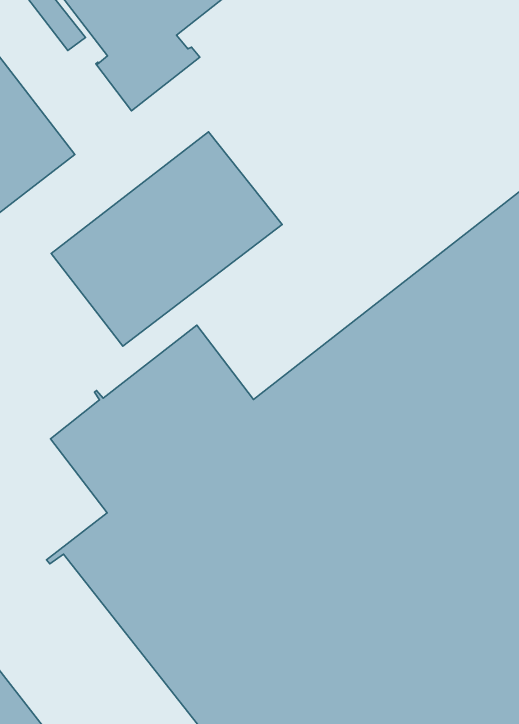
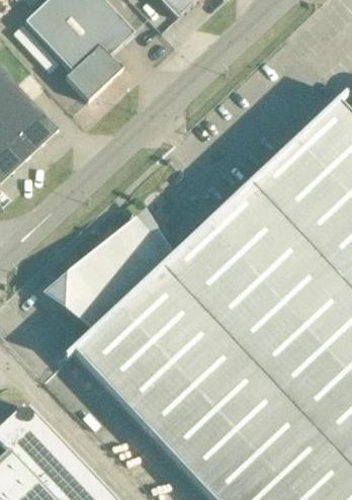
building: [51,132,282,346] -> none

